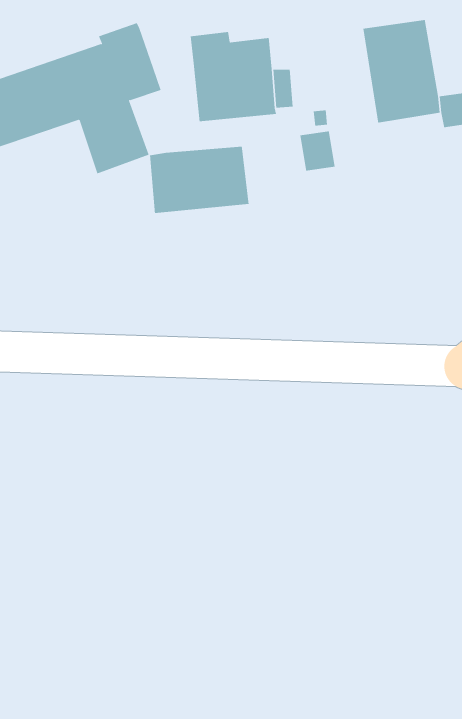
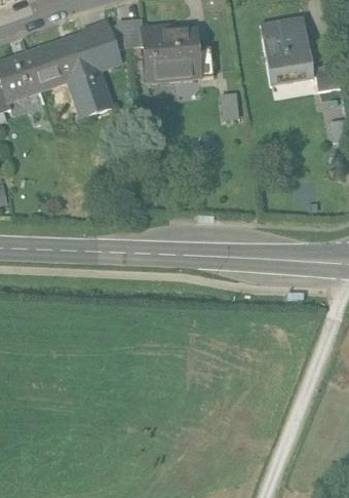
building: none -> [109,17,145,47]
building: [149,146,249,214] -> none

